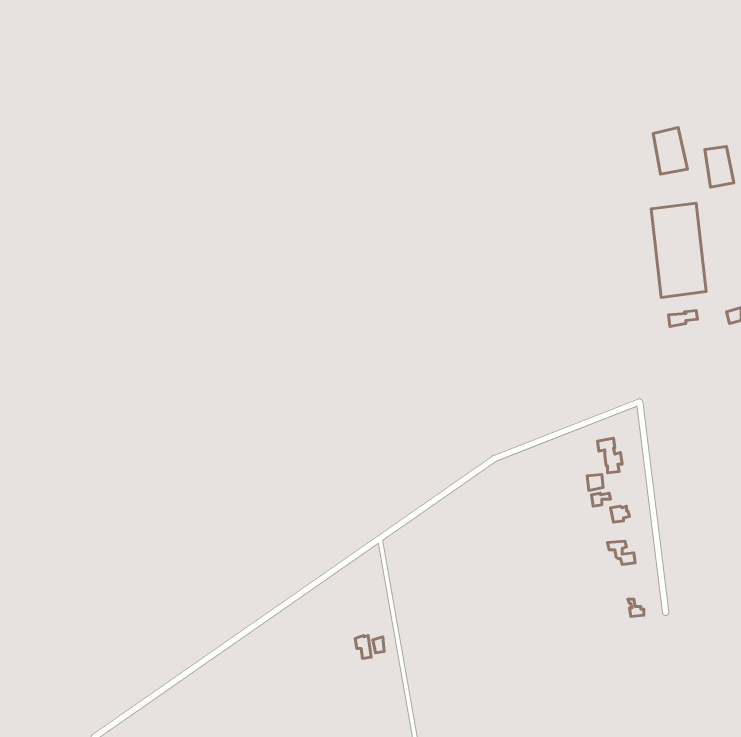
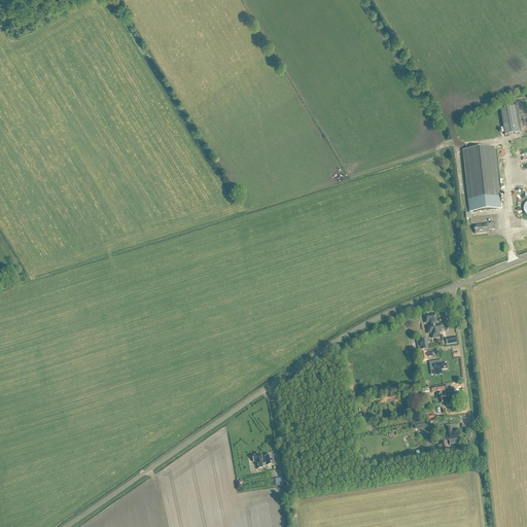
building: [653,128,687,174] -> none

